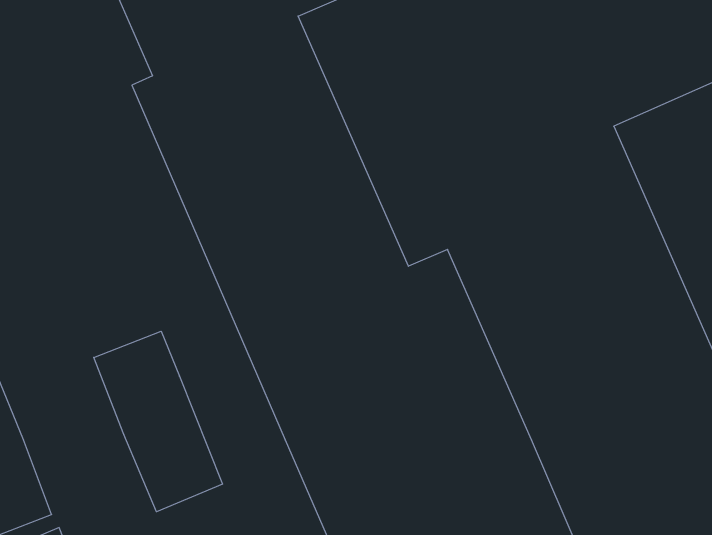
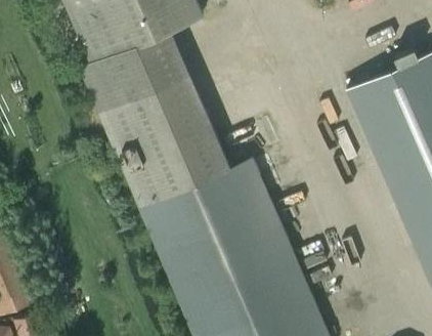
building: [94,331,223,512] -> none

